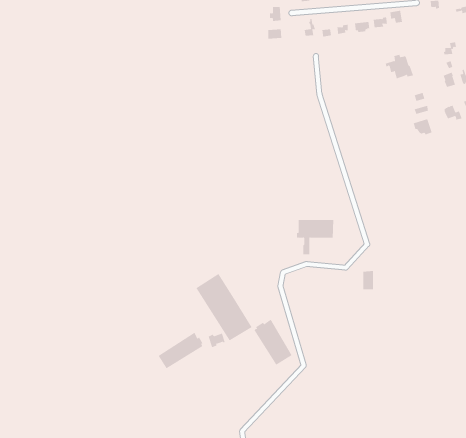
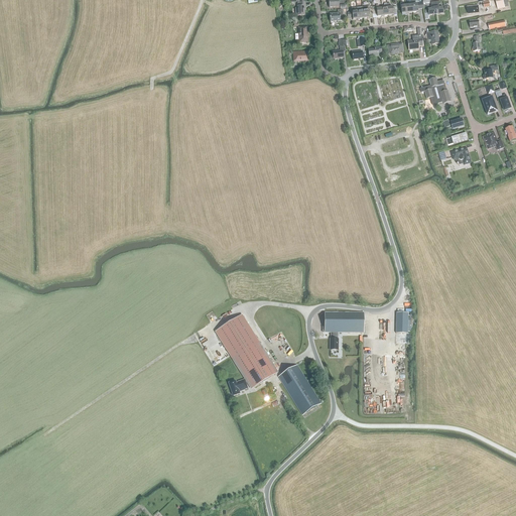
building: [296,219,334,255] -> [322,310,364,349]
building: [158,332,203,369] -> none

